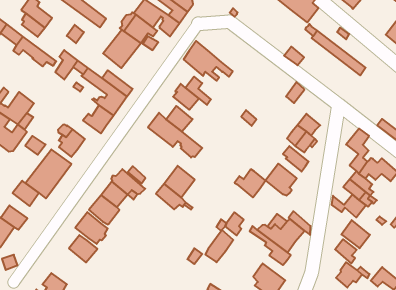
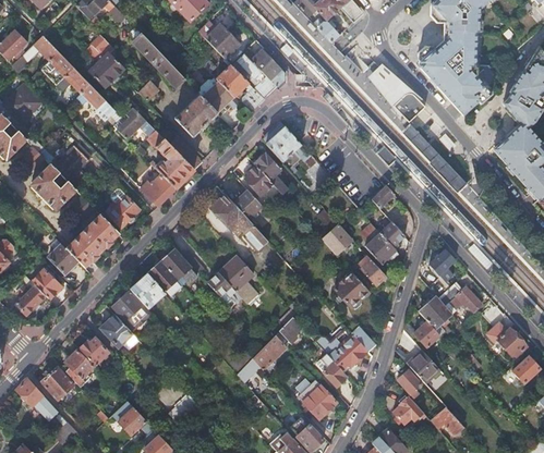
building: [235,169,266,197] -> [317,223,352,255]
building: none -> [80,338,109,366]

